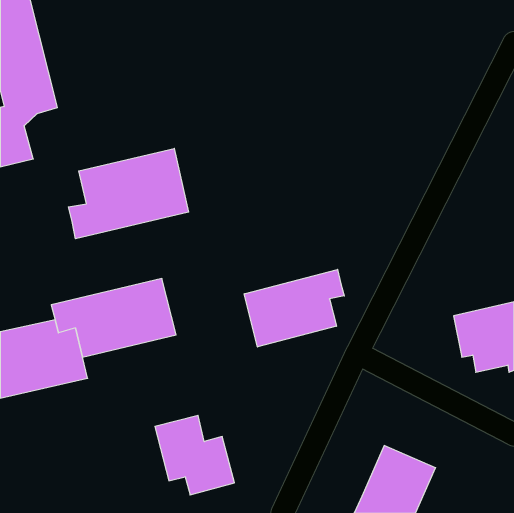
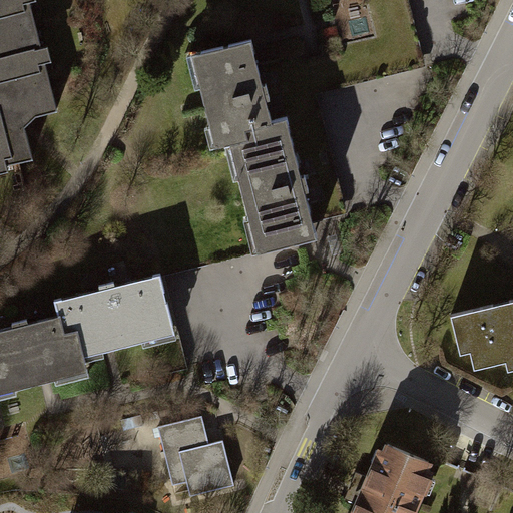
building: none -> [190,44,324,259]
building: [68,148,189,239] -> none
building: [244,269,344,347] -> none

